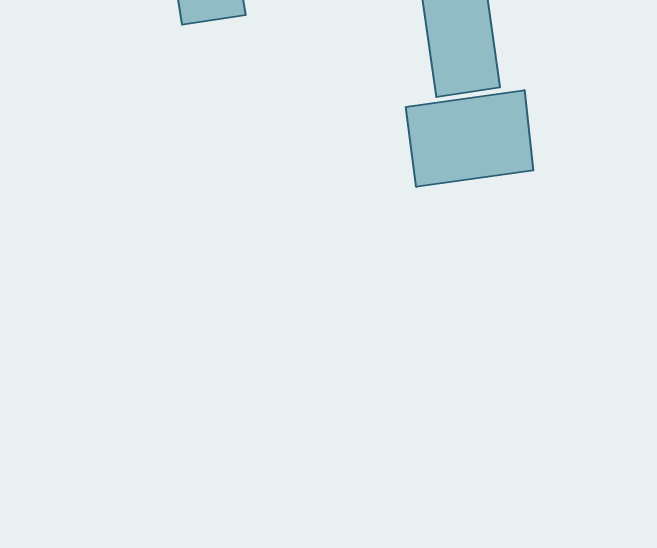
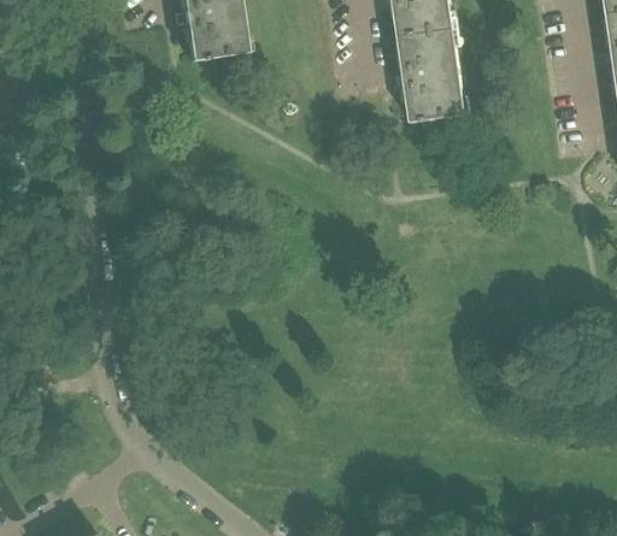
building: [406,90,533,187] -> none

